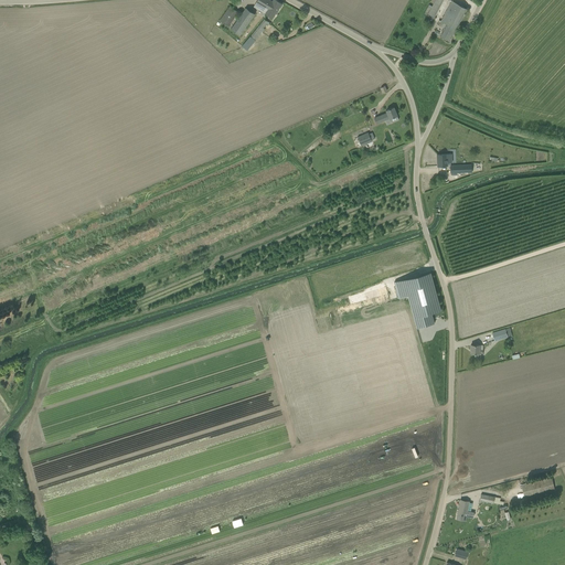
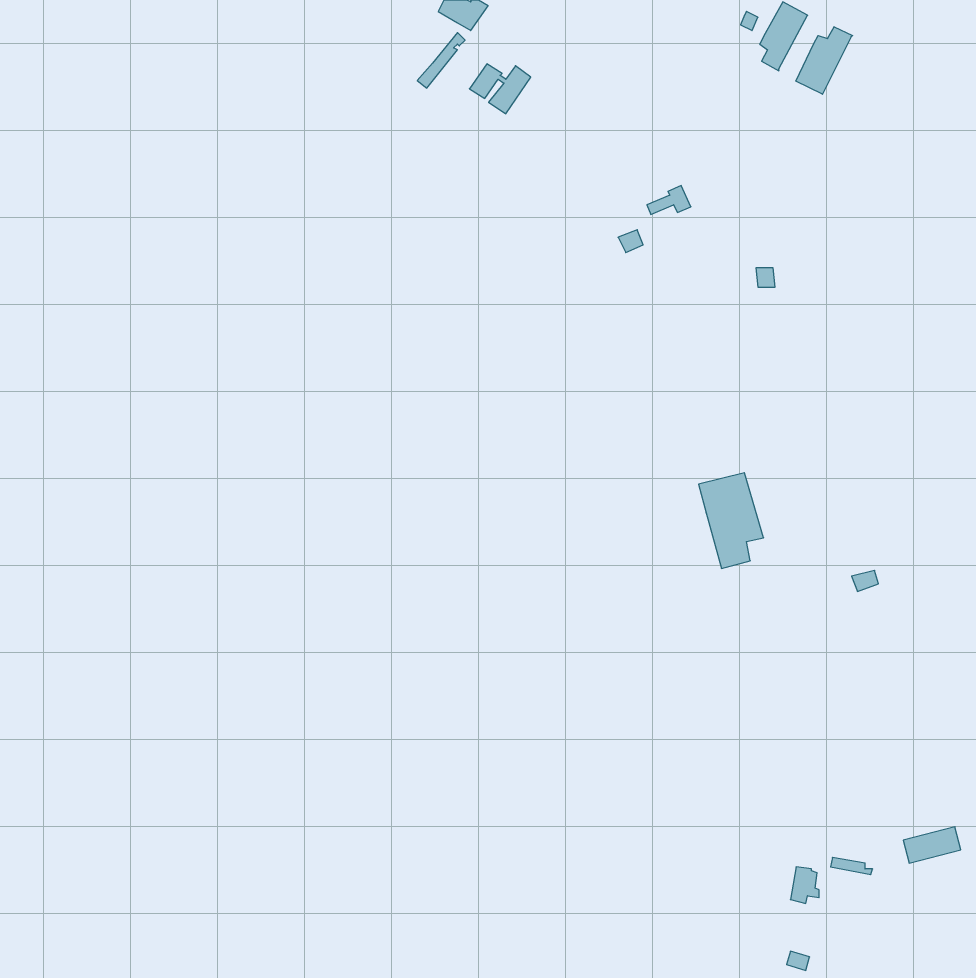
building: [218,7,254,35] -> [469,64,531,114]
building: none -> [796,27,853,94]

